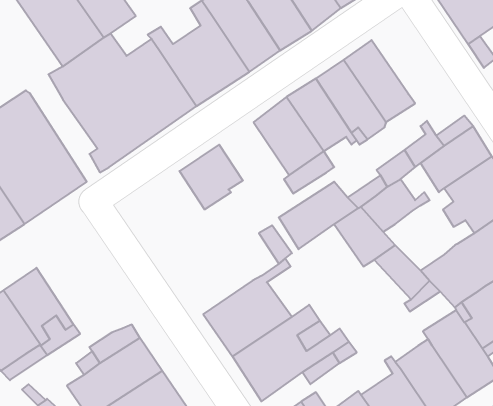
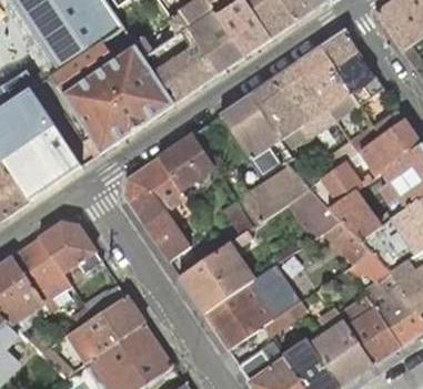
building: none -> [320,31,383,104]
building: none -> [123,156,190,259]
building: none -> [330,190,390,239]
building: none -> [39,222,102,274]

